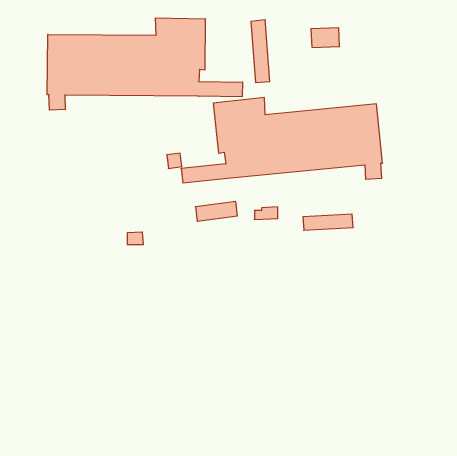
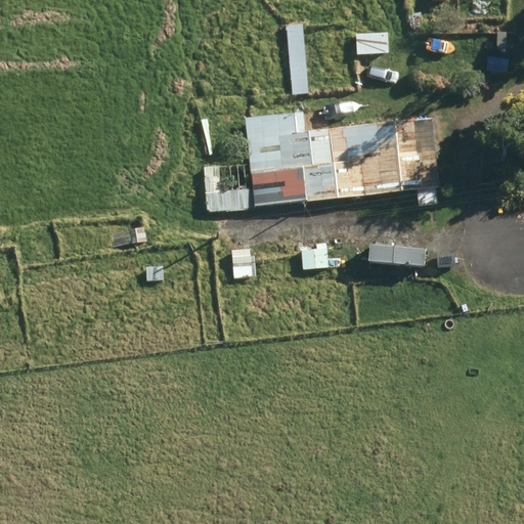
building: [47,18,242,110] -> none

